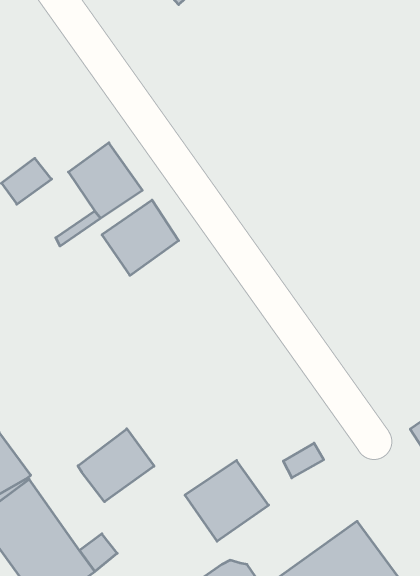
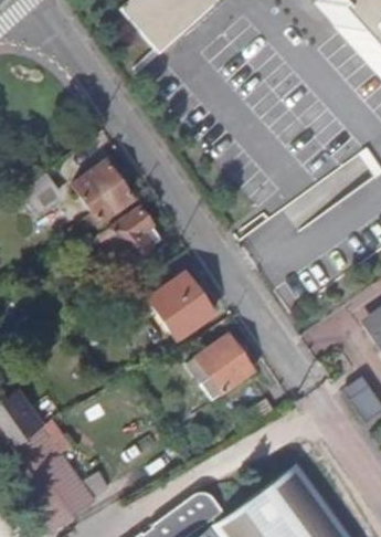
building: none -> [151,272,213,337]
building: [78,429,154,502] -> none
building: [185,460,269,541] -> [187,335,253,399]

